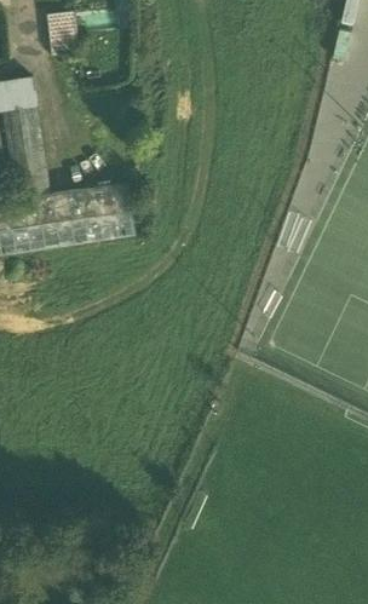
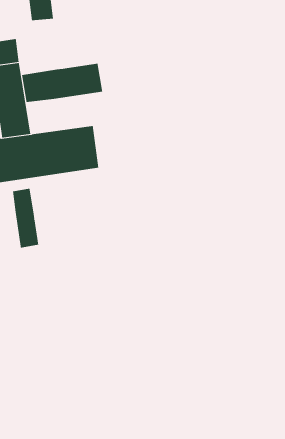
building: none -> [21,63,103,103]
building: none -> [12,188,39,249]

